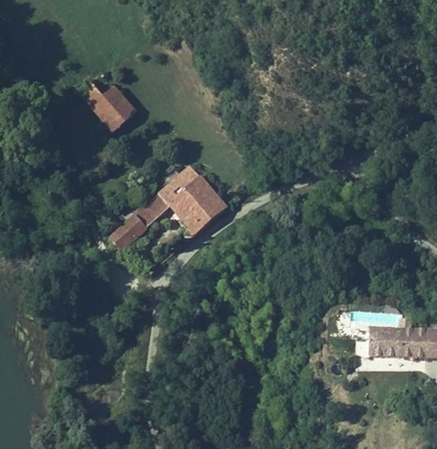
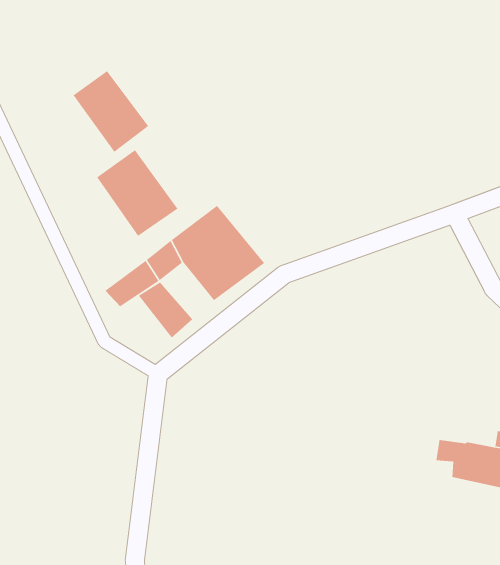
building: none -> [96,149,179,237]
building: none -> [138,282,193,339]

